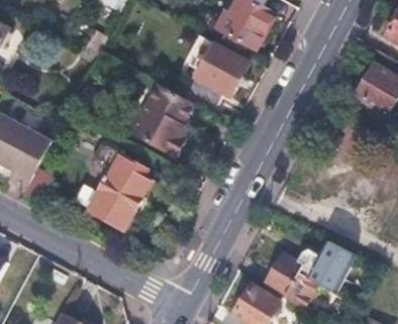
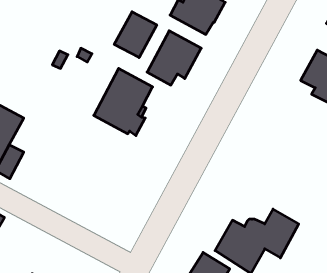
building: none -> [114,12,157,58]
building: [92,140,151,230] -> none

